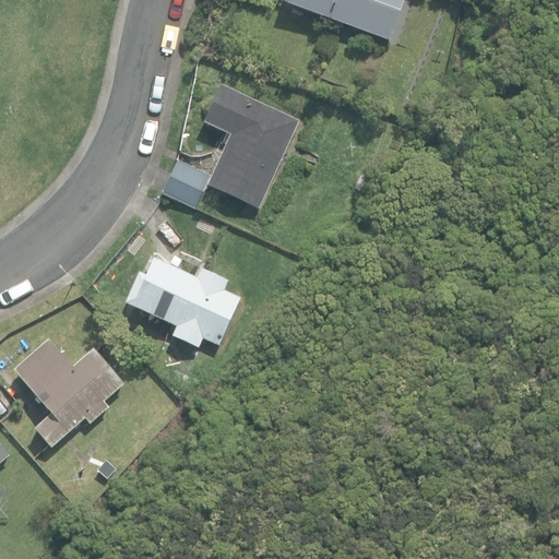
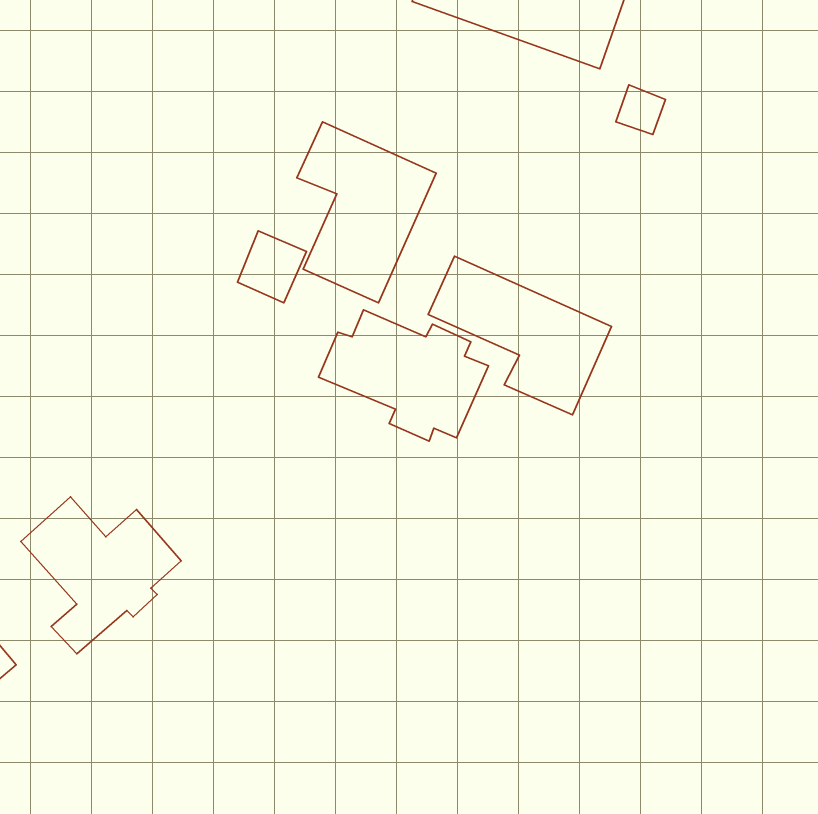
building: none -> [428,256,611,415]
building: [124,257,240,346] -> [318,310,489,441]

